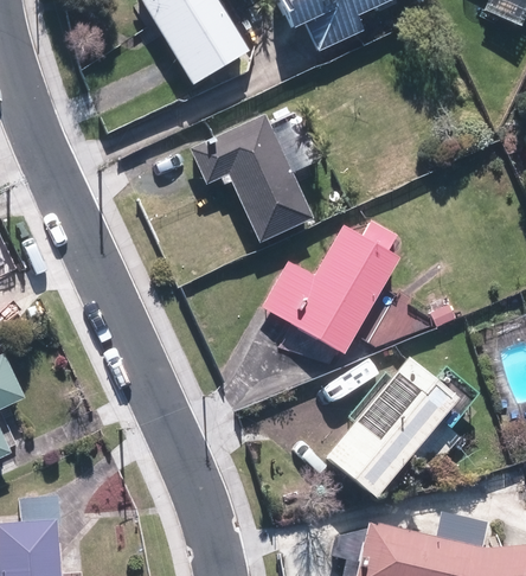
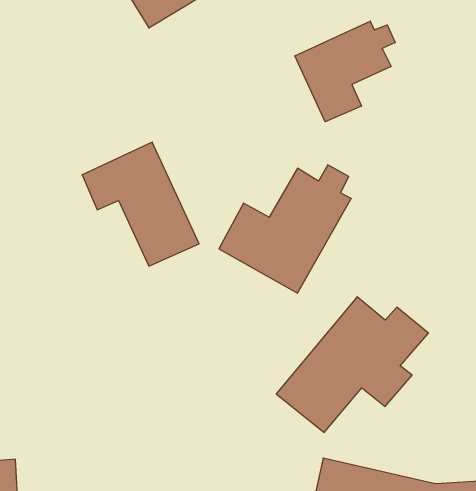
building: none -> [295,21,395,122]
building: [192,116,310,242] -> [82,142,199,266]

